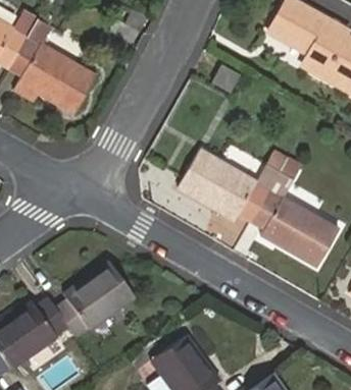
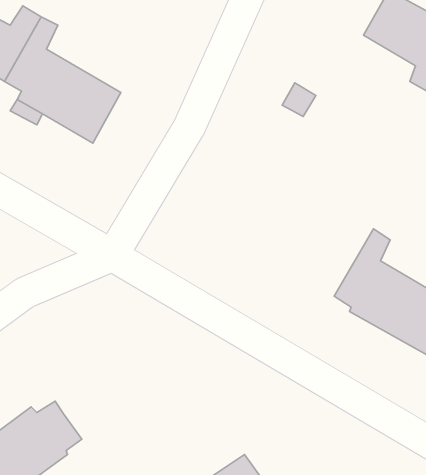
building: [180,149,285,222] -> none
building: [54,263,134,336] -> none

